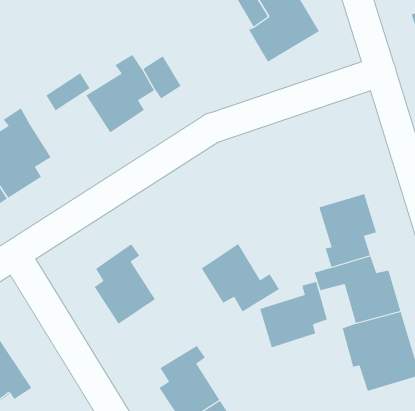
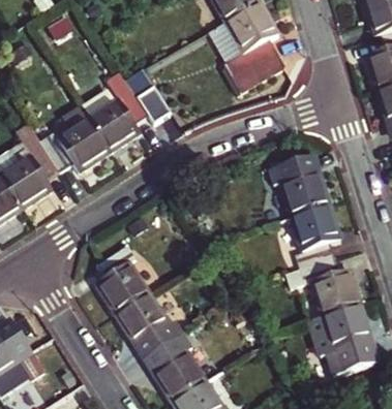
building: none -> [39,119,109,171]
building: none -> [265,153,326,214]
building: [201,243,280,312] -> [116,292,183,351]
building: [260,281,327,348] -> none

